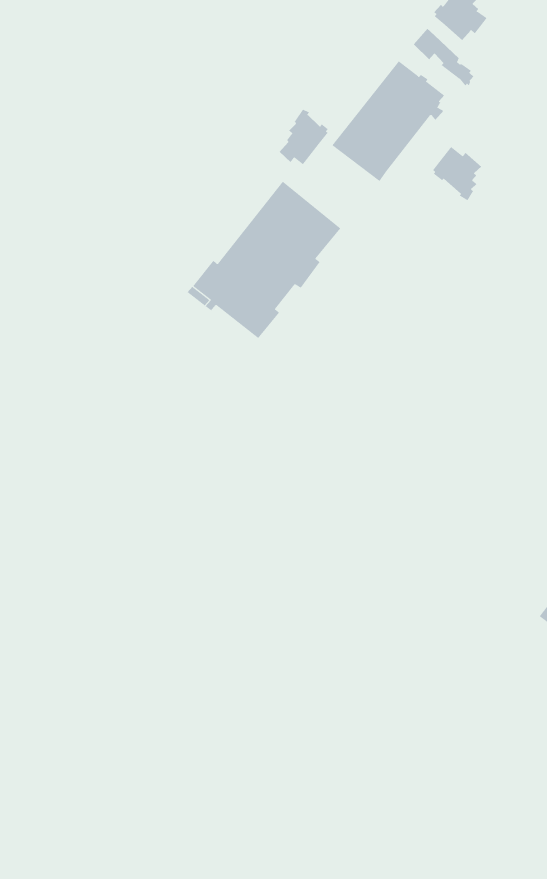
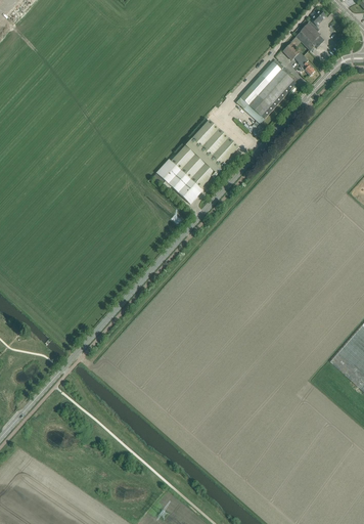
building: [279,109,329,165] -> none
building: [432,146,482,201] -> none

